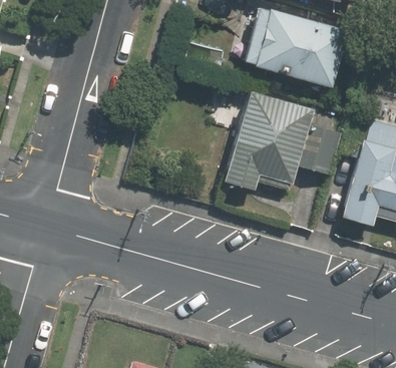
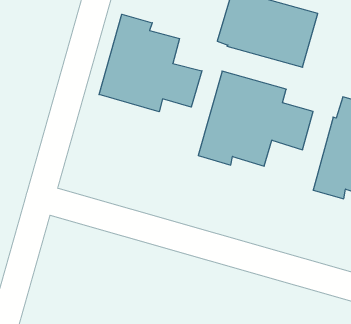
building: none -> [99,14,202,112]

